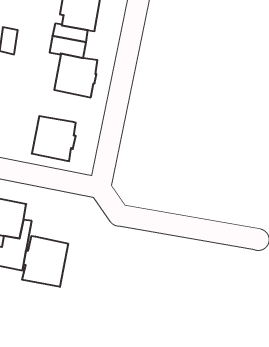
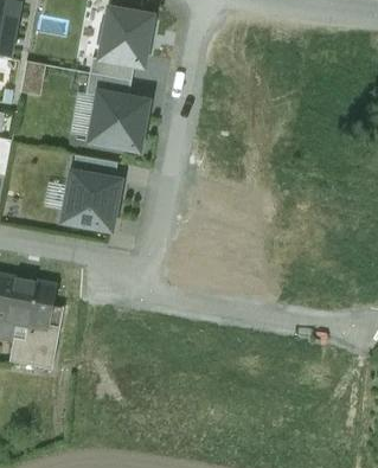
building: none -> [72,154,117,180]
building: [22,236,68,287] -> none

